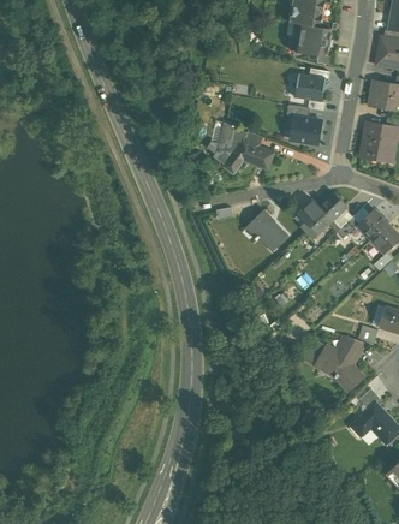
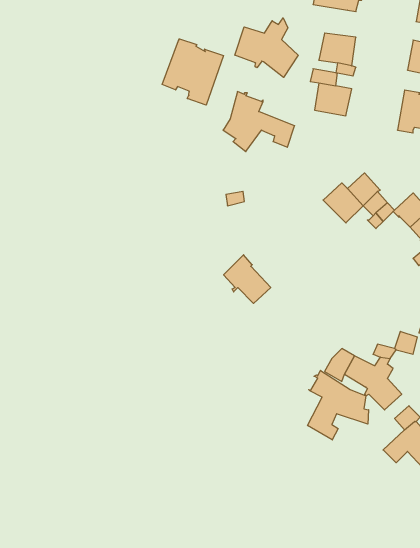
building: none -> [235,18,298,77]
building: none -> [162,39,223,105]
building: [248,209,287,250] -> [224,255,271,303]
building: none -> [308,370,369,440]

